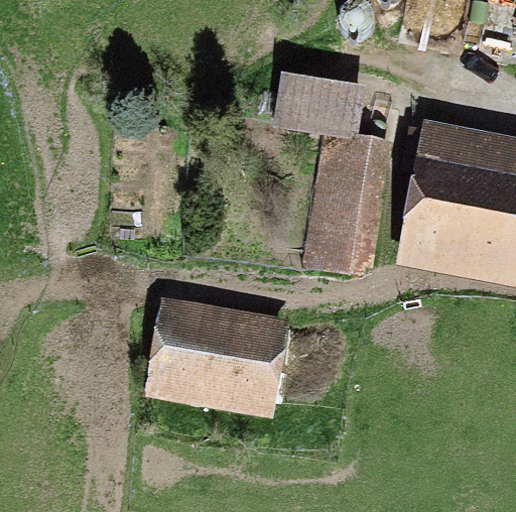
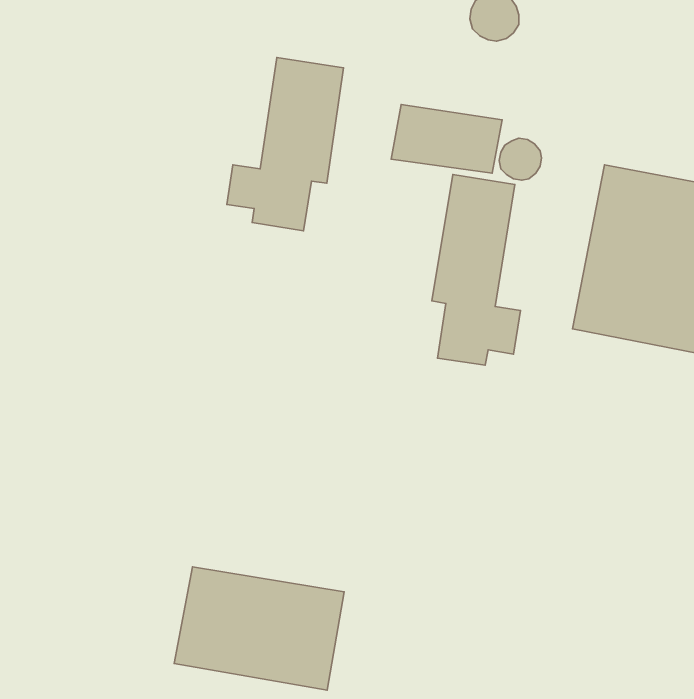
building: none -> [227,58,343,231]
building: [156,308,278,397] -> [174,567,344,690]

